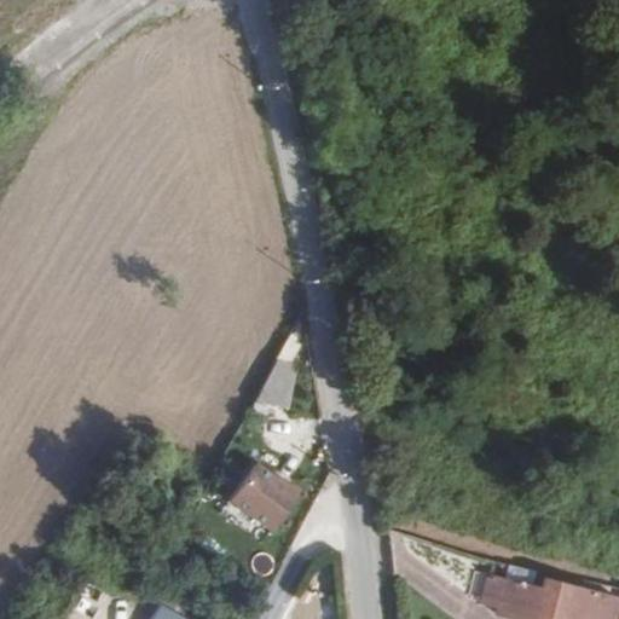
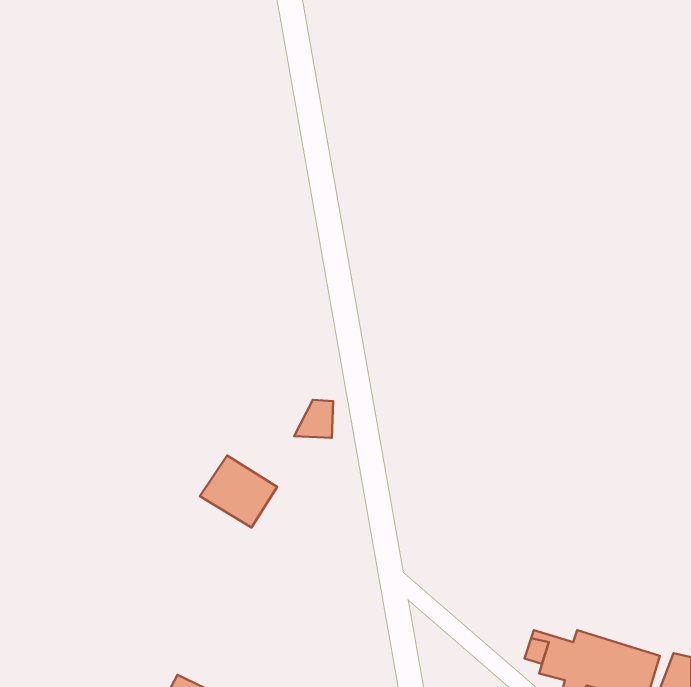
building: [230,473,299,537] -> [200,456,277,527]

